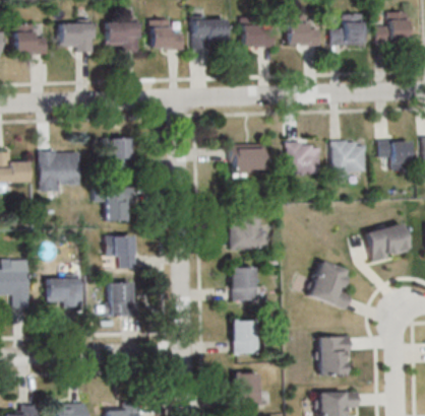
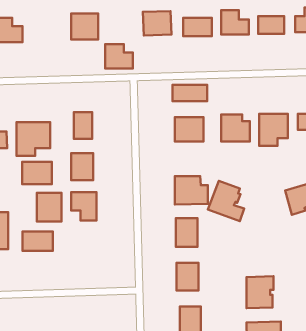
building: [150,19,184,49] -> [105,44,133,69]
building: [59,20,93,53] -> none
building: none -> [173,85,207,101]
building: none -> [22,162,52,184]
building: [307,261,351,309] -> [208,181,244,221]
building: [106,282,135,317] -> [37,193,61,222]

